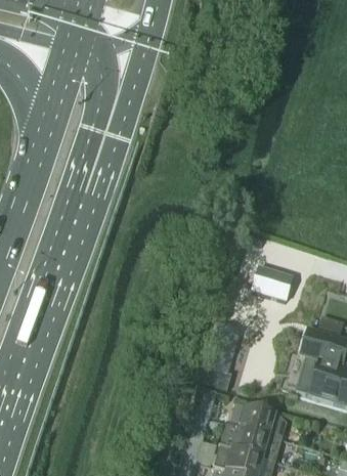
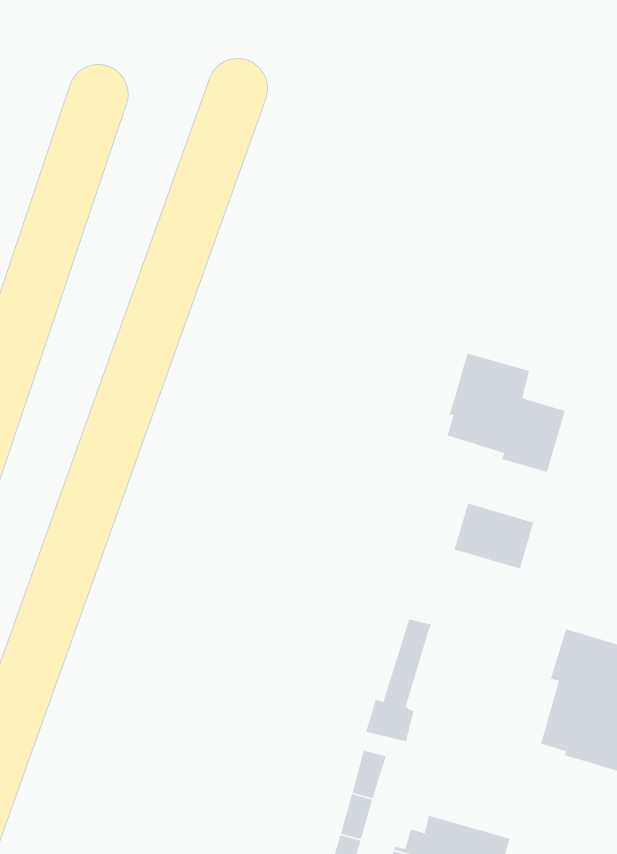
building: none -> [447,353,566,473]
building: [229,403,287,439] -> none

